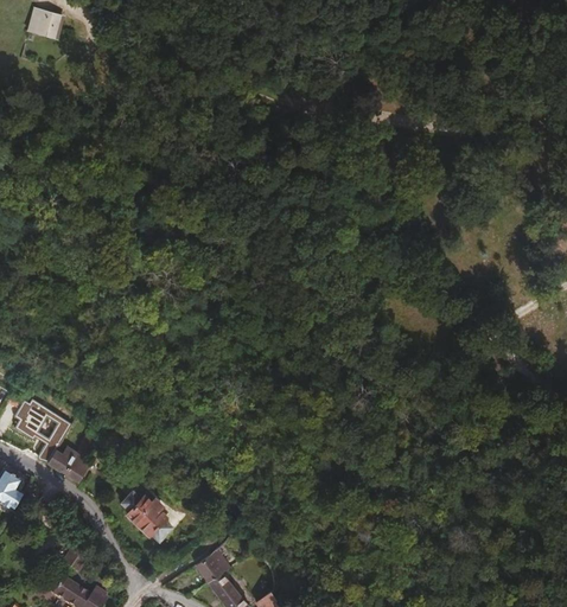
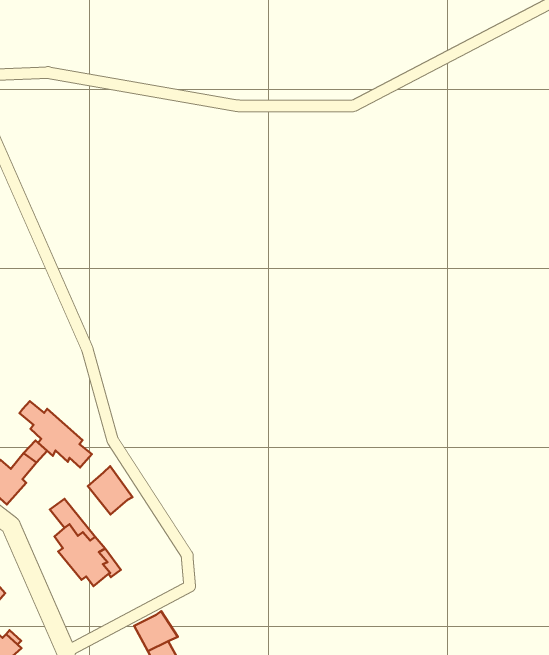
building: none -> [19,401,92,468]
building: none -> [88,466,133,514]

